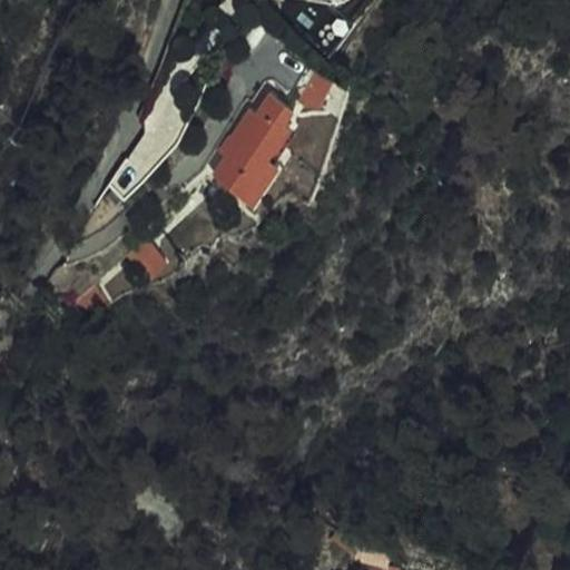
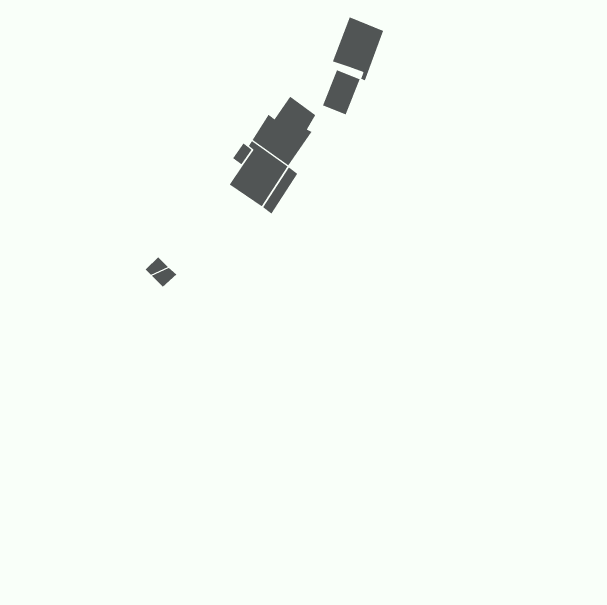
building: none -> [332,17,384,81]

